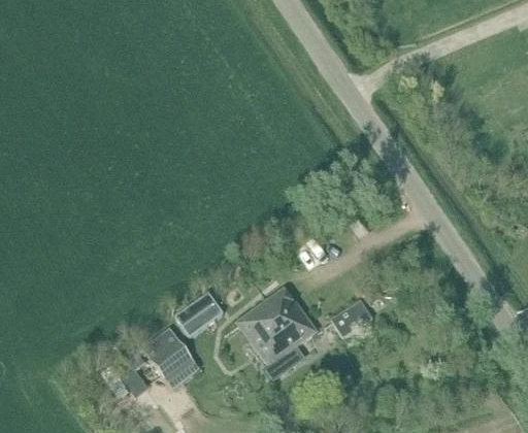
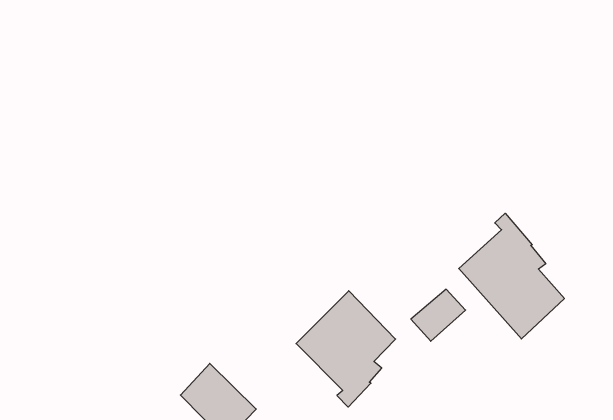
building: none -> [459,213,564,339]
building: [176,293,223,336] -> none

